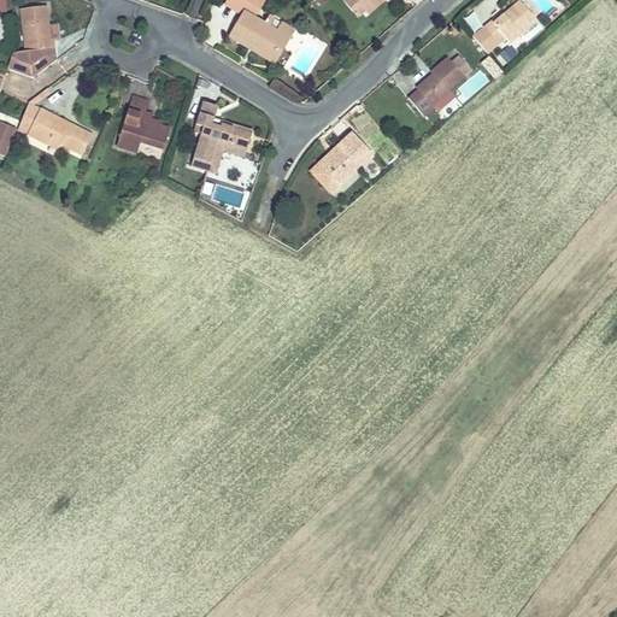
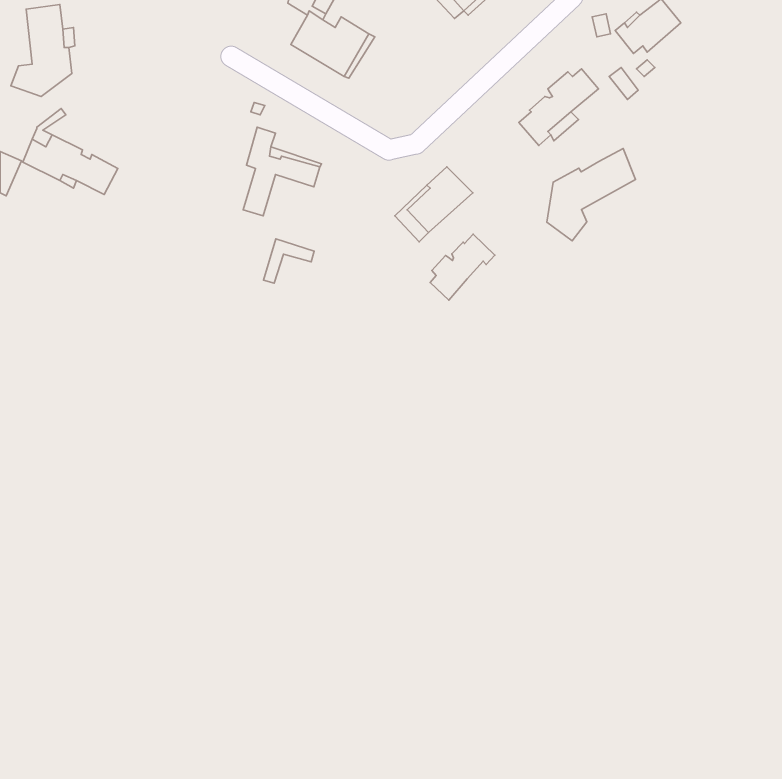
building: [117,94,170,151] -> none
building: none -> [547,148,636,241]
building: [207,137,247,172] -> [264,239,314,283]
building: none -> [430,234,495,300]

